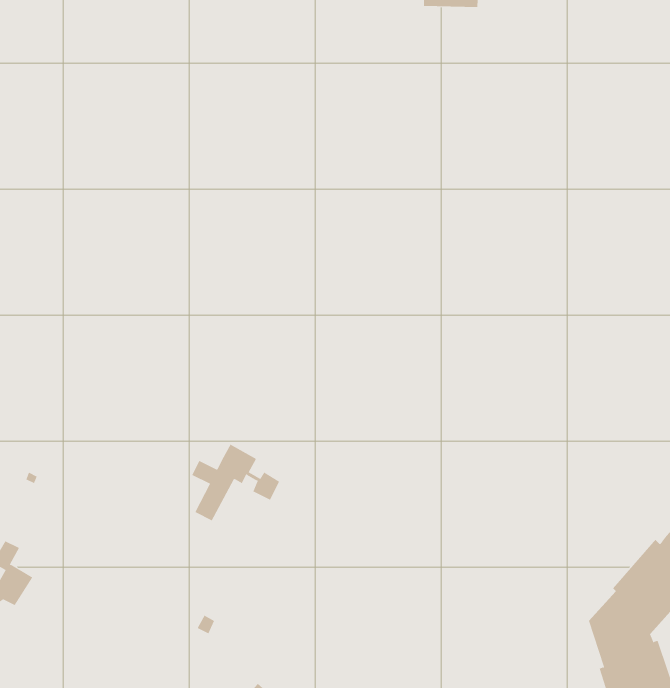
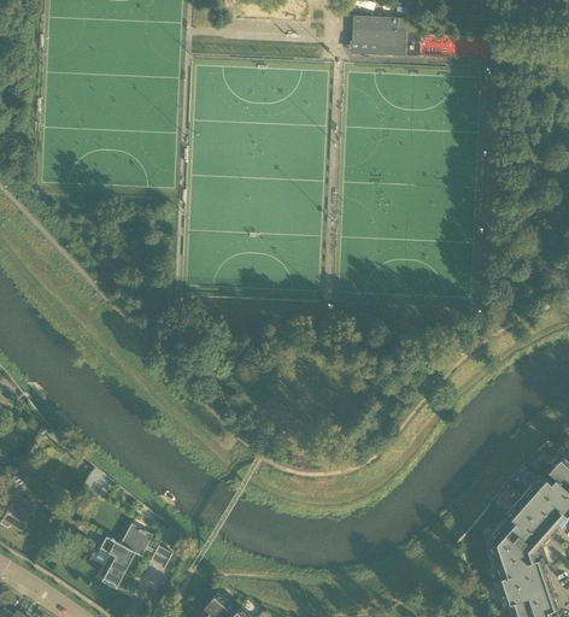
building: [191,444,281,521] -> [100,524,172,587]

